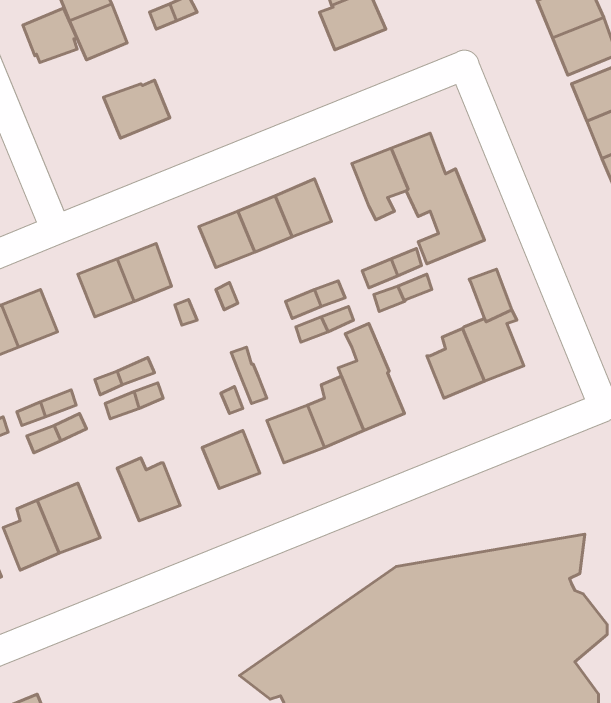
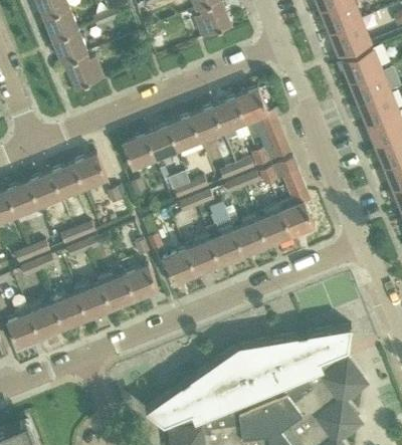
building: [23,8,77,63] -> [55,37,87,69]
building: none -> [190,108,222,143]
building: none -> [258,159,297,187]
building: none -> [28,174,60,208]
building: none -> [233,215,266,256]
building: none -> [97,273,134,310]
building: none -> [50,292,86,329]

